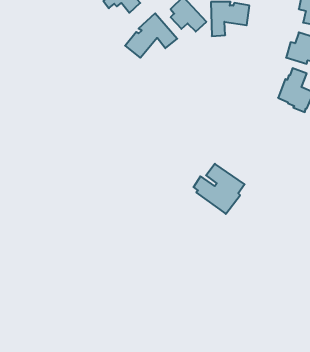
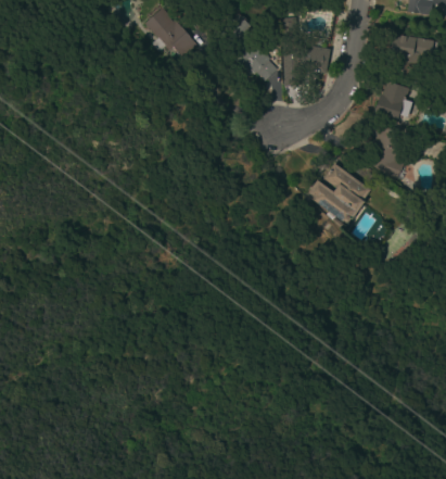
building: [125,13,177,58] -> none
building: [193,164,245,214] -> [308,164,370,225]

